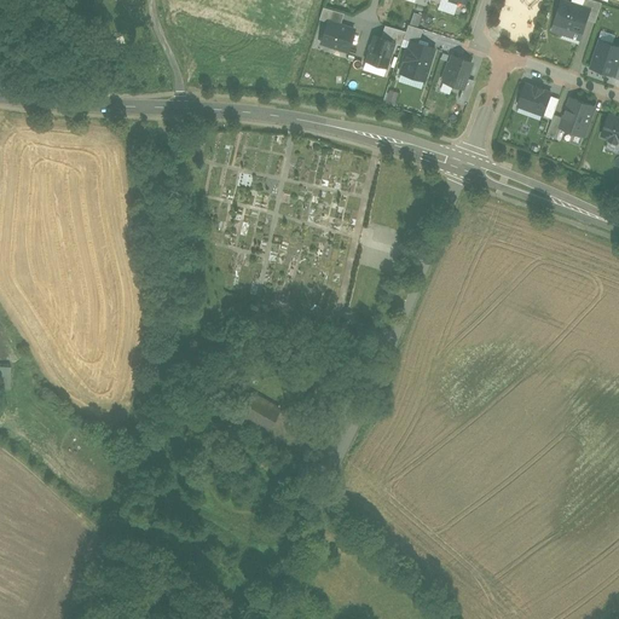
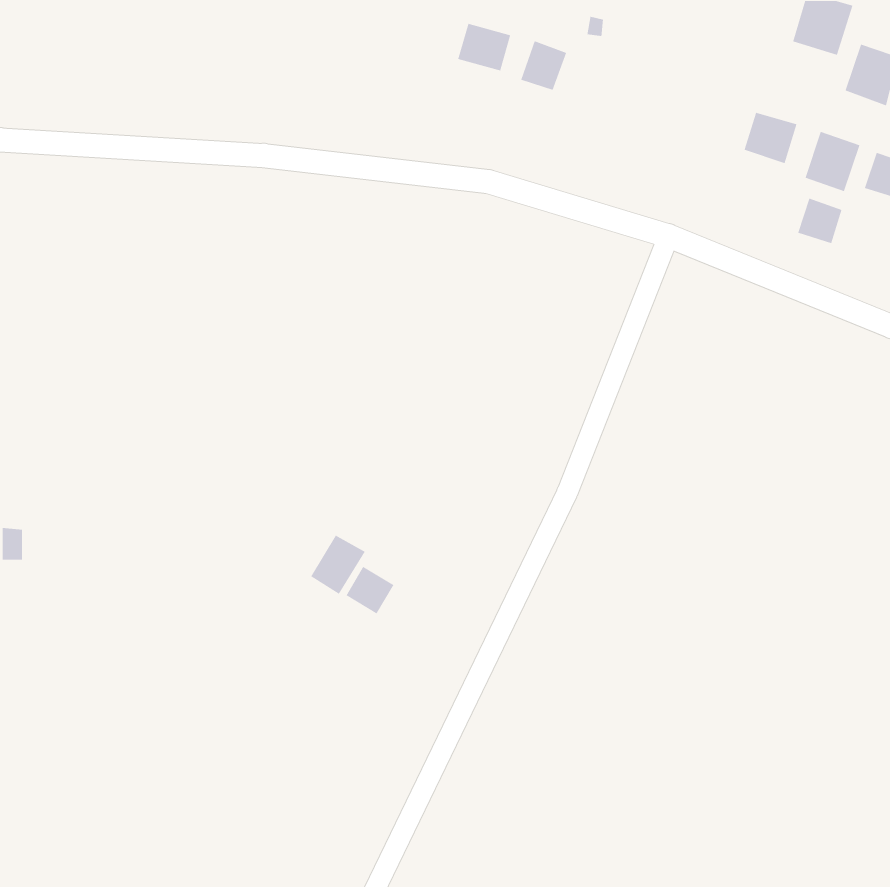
building: [399,39,436,81] -> none
building: [439,51,474,91] -> none
building: none -> [797,197,843,244]
building: none -> [310,534,366,595]

